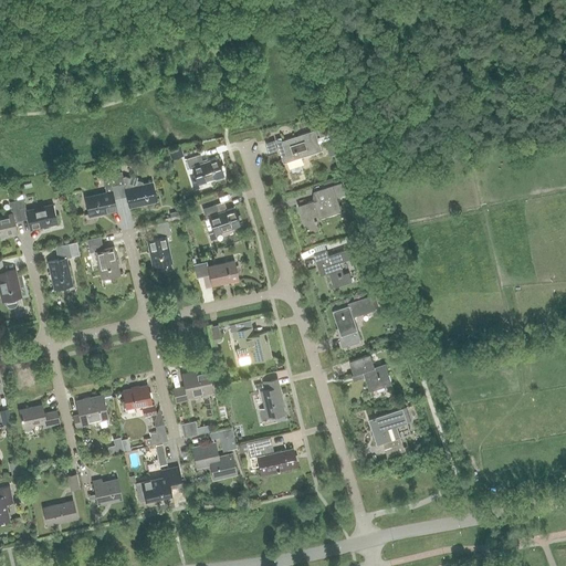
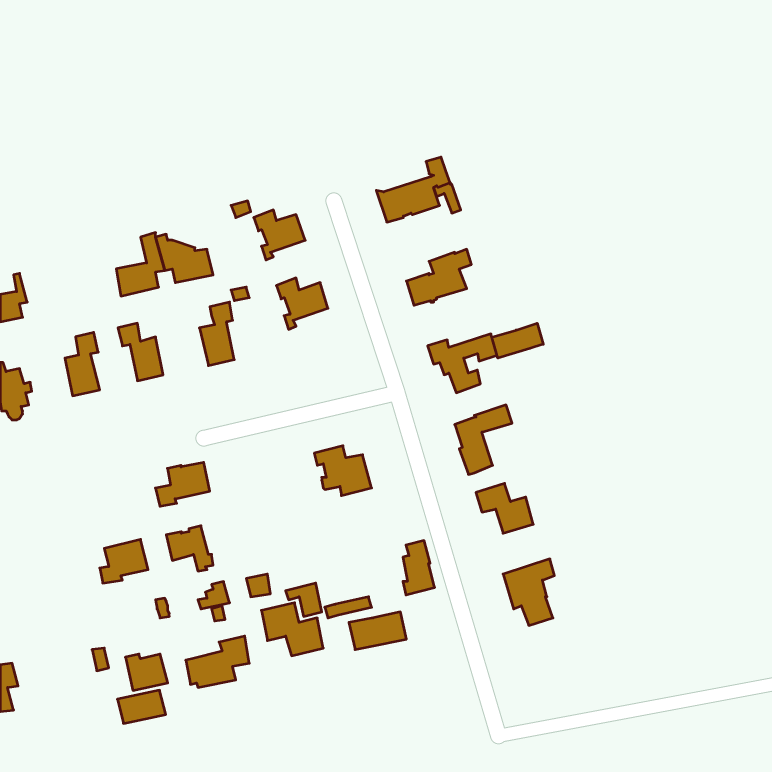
building: [14,199,57,230] -> none
building: none -> [492,323,543,358]
building: [192,261,238,286] -> none
building: [172,370,212,402] -> [155,462,210,506]
building: [261,379,284,419] -> [403,541,435,595]
building: [19,406,60,431] -> none
building: [42,501,77,525] -> [117,690,166,723]

